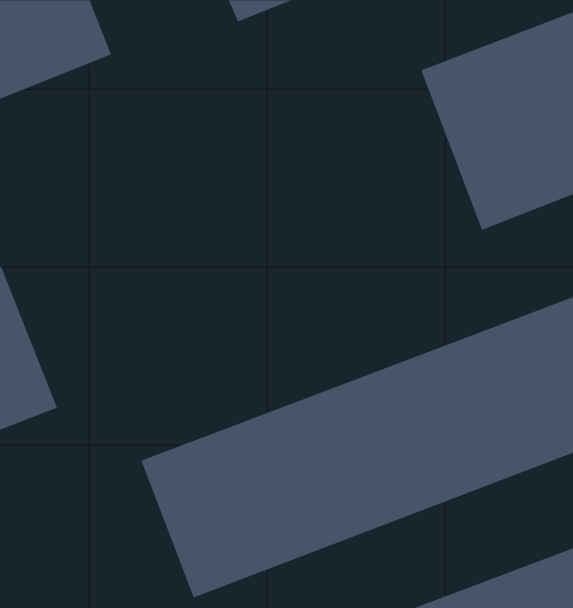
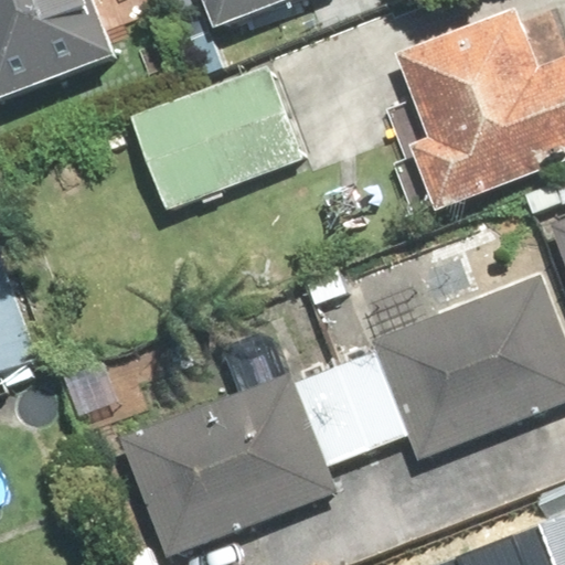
building: none -> [129,65,294,211]

